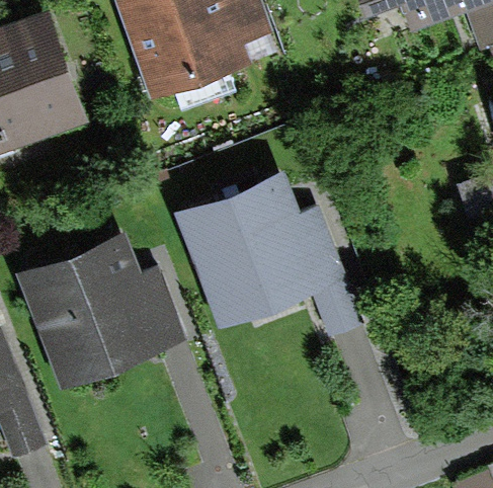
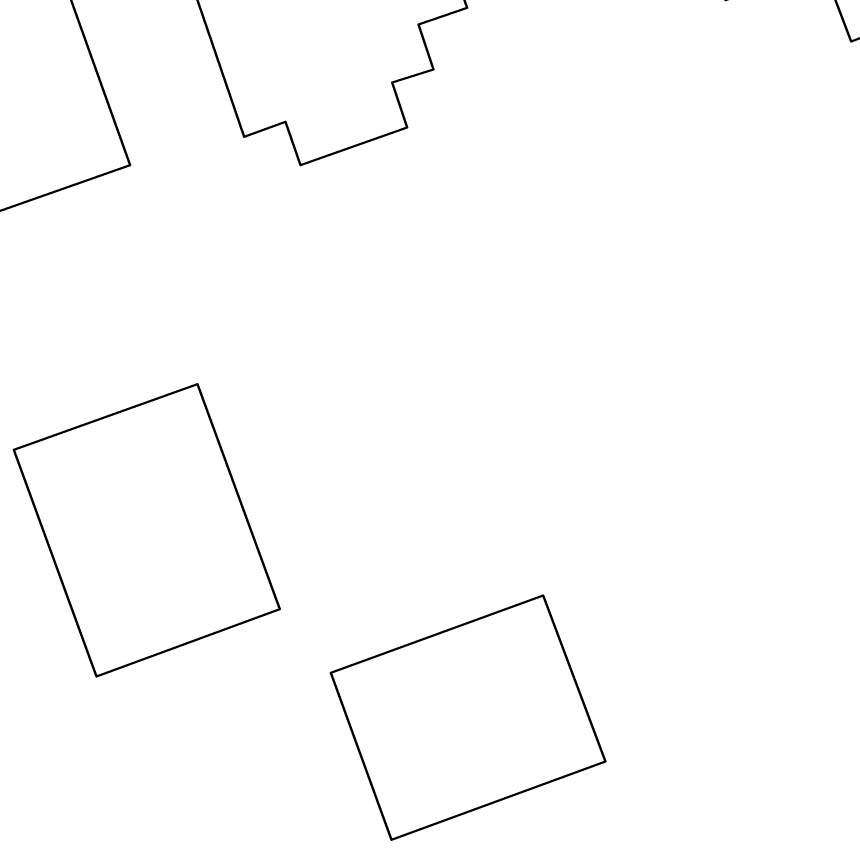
building: [184,177,328,335] -> none
building: none -> [331,595,605,840]

